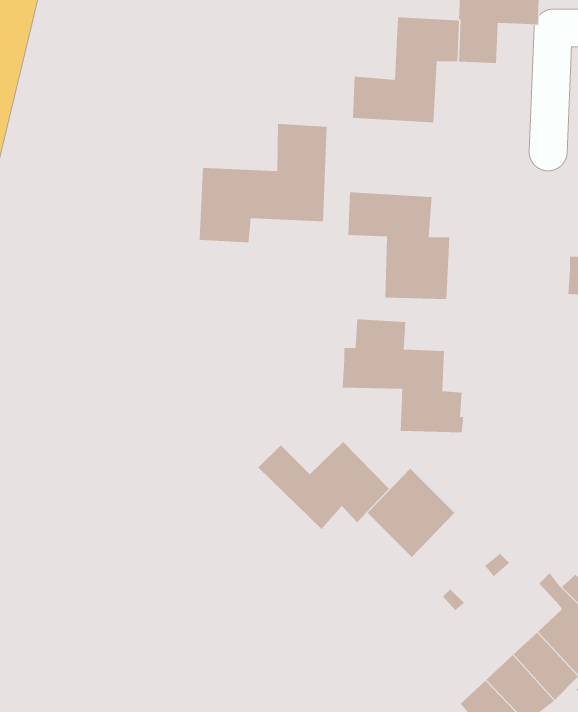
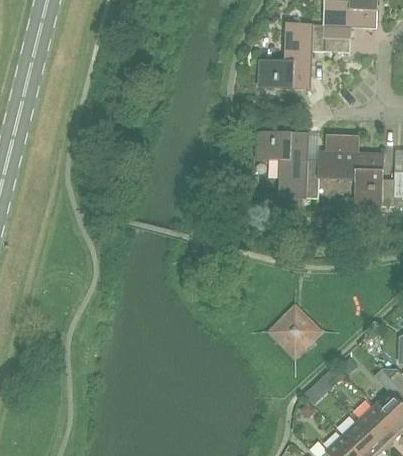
building: [199,123,327,243] -> none
building: [342,319,464,433] -> [318,134,394,205]
building: [258,441,390,530] -> none

